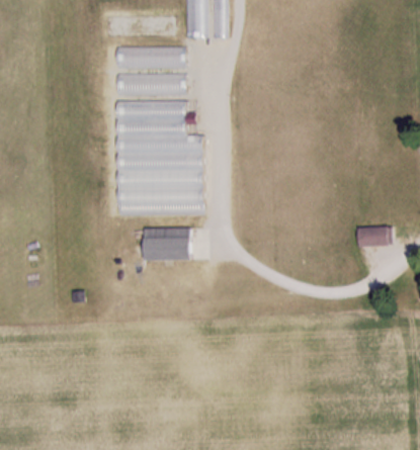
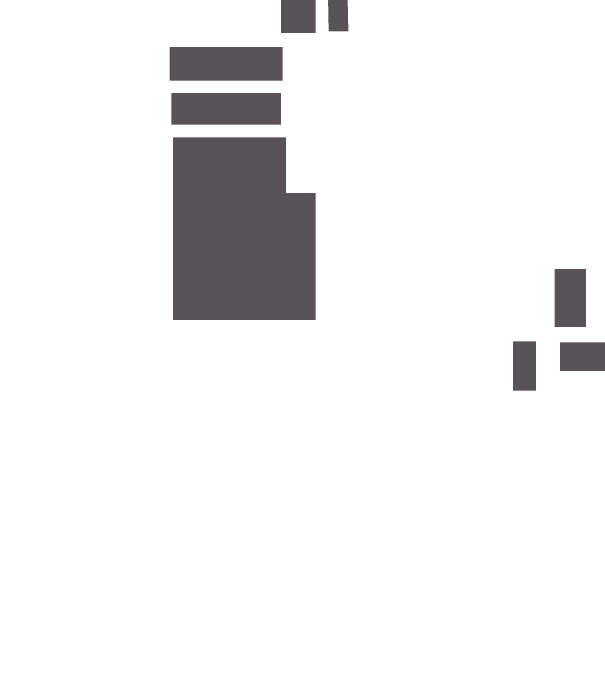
building: none -> [554,268,587,328]
building: none -> [512,340,536,392]
building: [142,227,191,259] -> none

